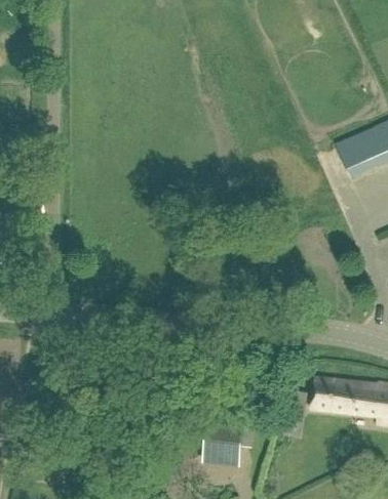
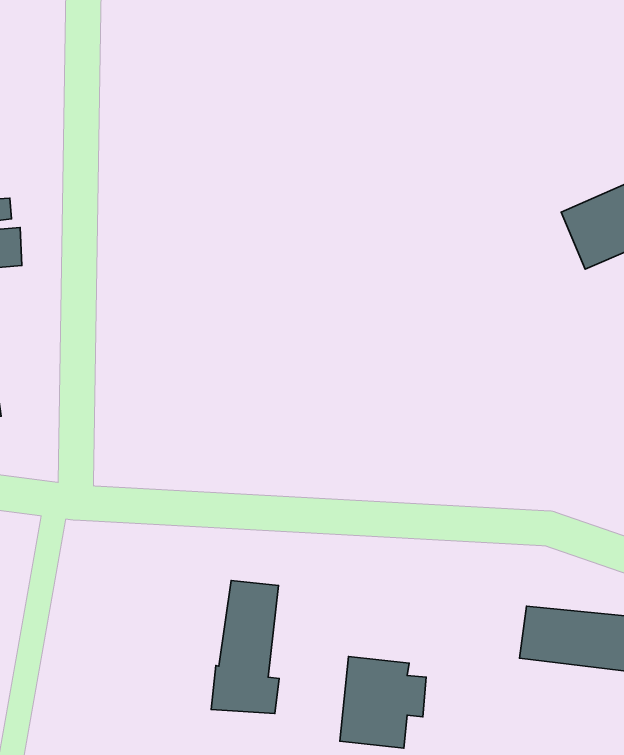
building: none -> [211,580,279,714]

